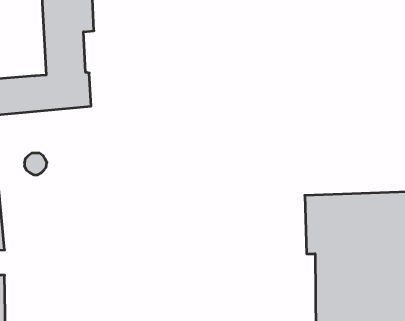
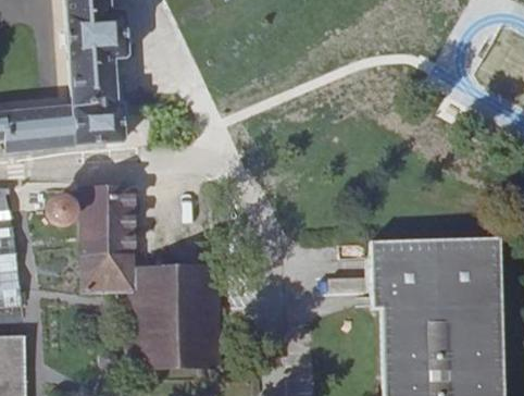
building: none -> [79,189,220,363]

